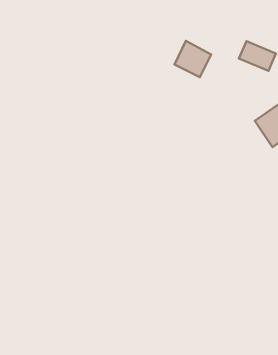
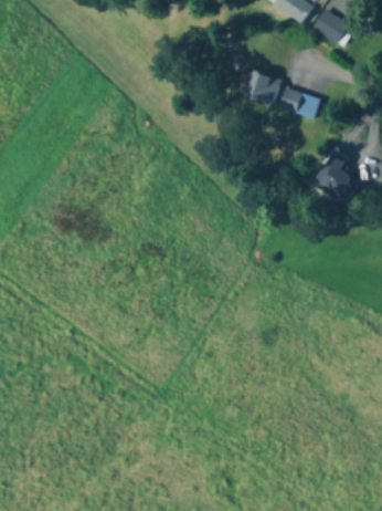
building: [174,41,211,77] -> [243,70,283,108]

